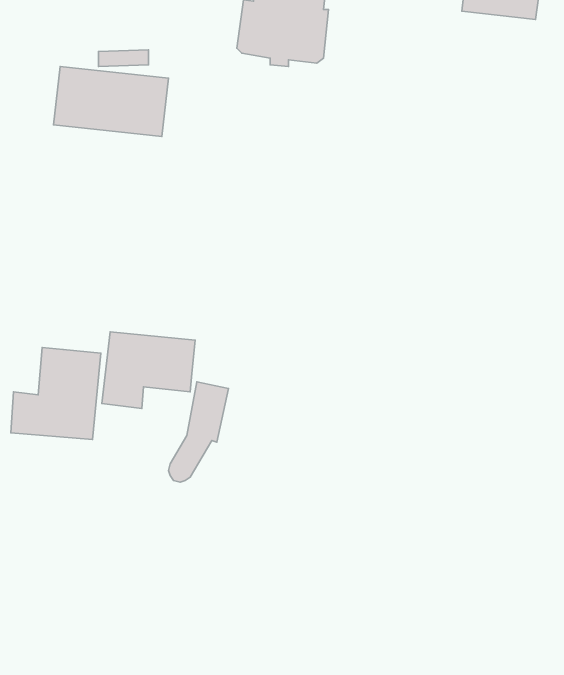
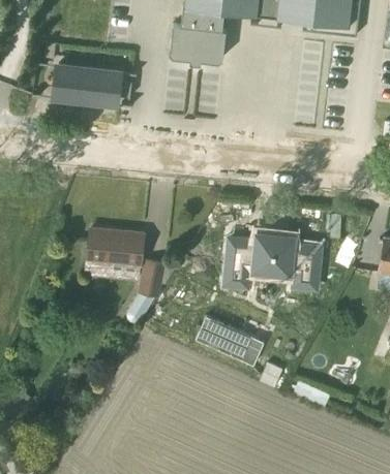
building: none -> [219,230,314,286]
building: [11,347,101,439] -> none
building: none -> [202,311,270,359]

